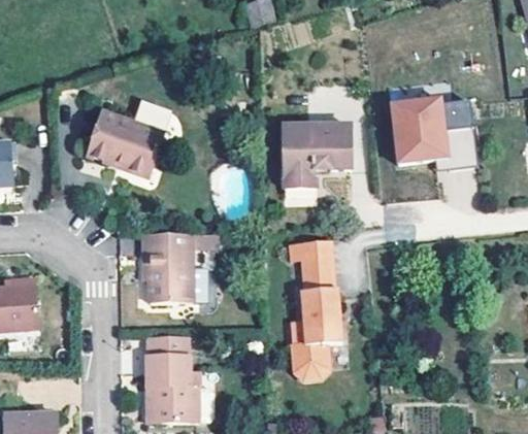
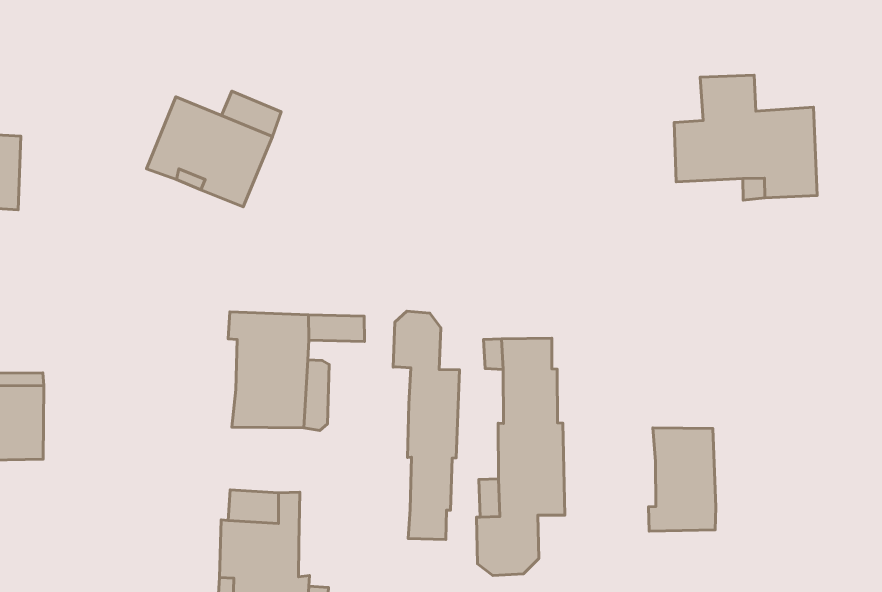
building: [280,124,349,189] -> none
building: none -> [393,311,459,540]
building: none -> [648,428,716,531]

